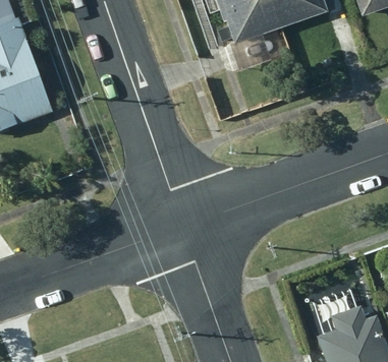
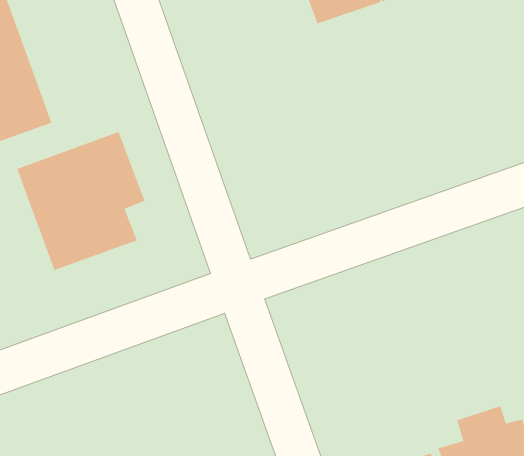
building: none -> [17,131,145,271]

